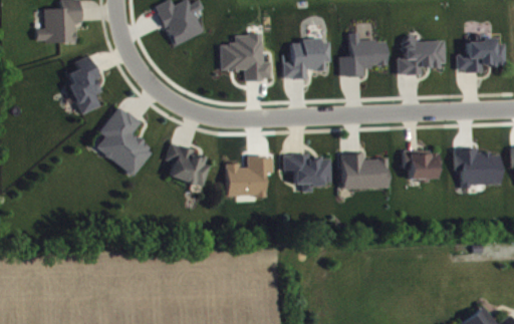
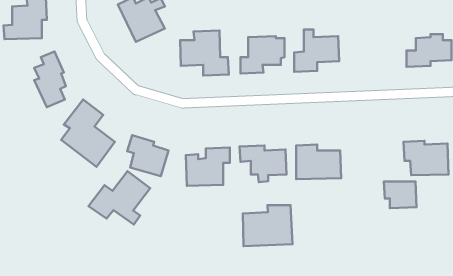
building: [397,35,445,74] -> none
building: [403,150,437,179] -> [384,181,417,208]
building: none -> [89,171,150,224]
building: none -> [243,205,293,246]

